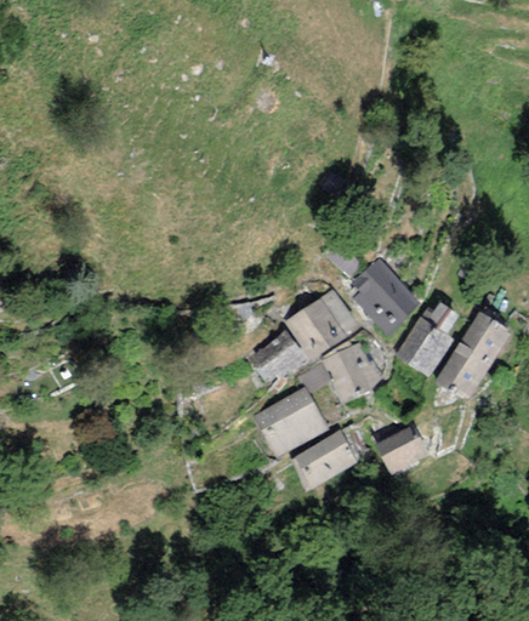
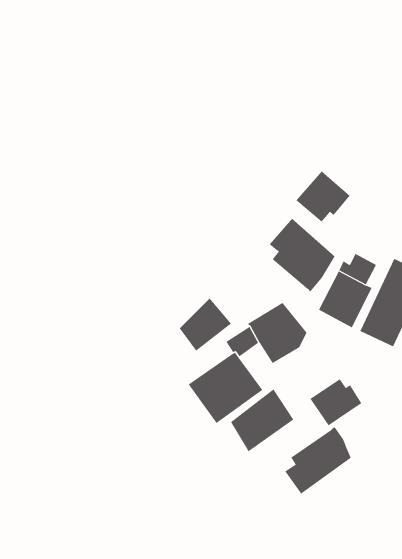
building: none -> [296,170,350,222]
building: [284,289,359,359] -> none
building: none -> [285,426,351,495]

